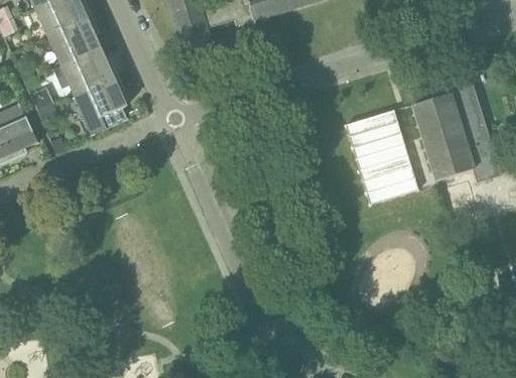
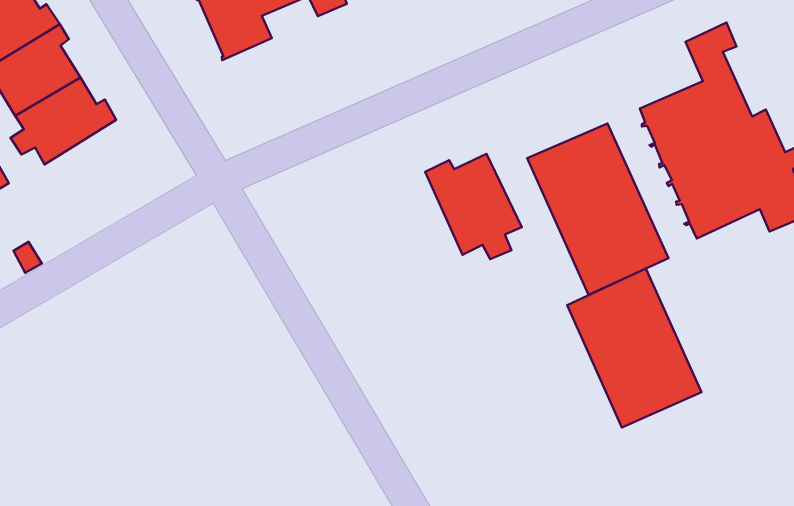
building: [75,76,128,136] -> none
building: none -> [425,154,522,259]
building: none -> [567,268,702,428]

